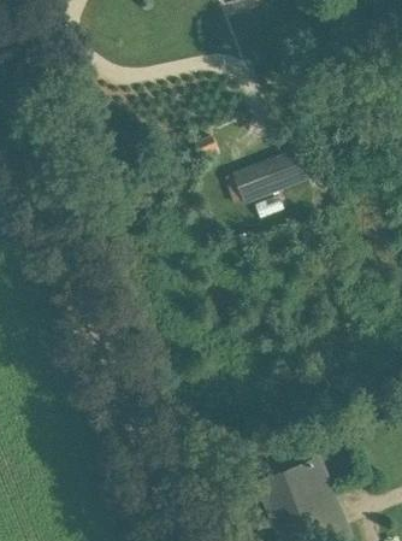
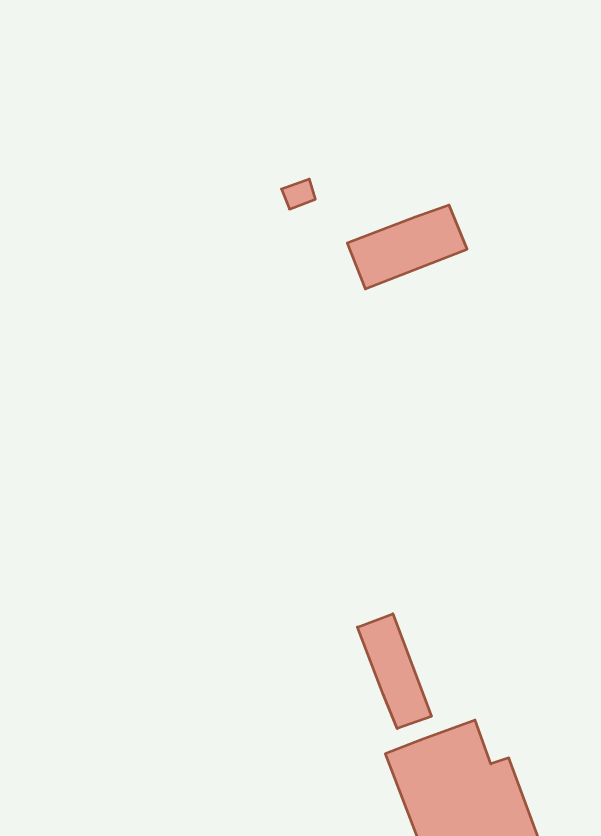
building: none -> [357,614,431,729]

